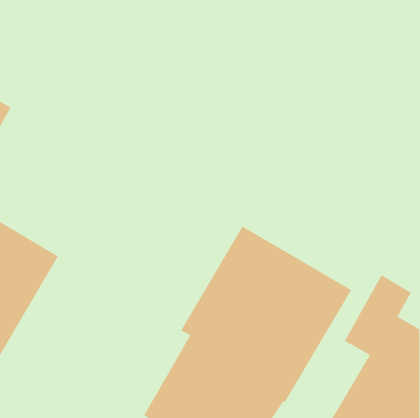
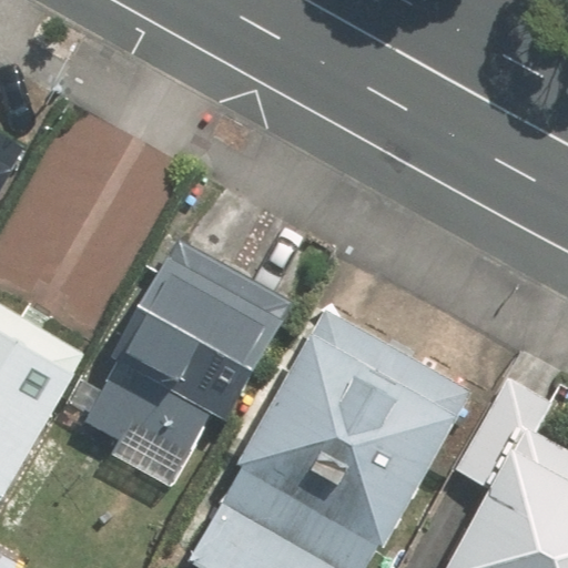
building: none -> [83,245,288,453]

